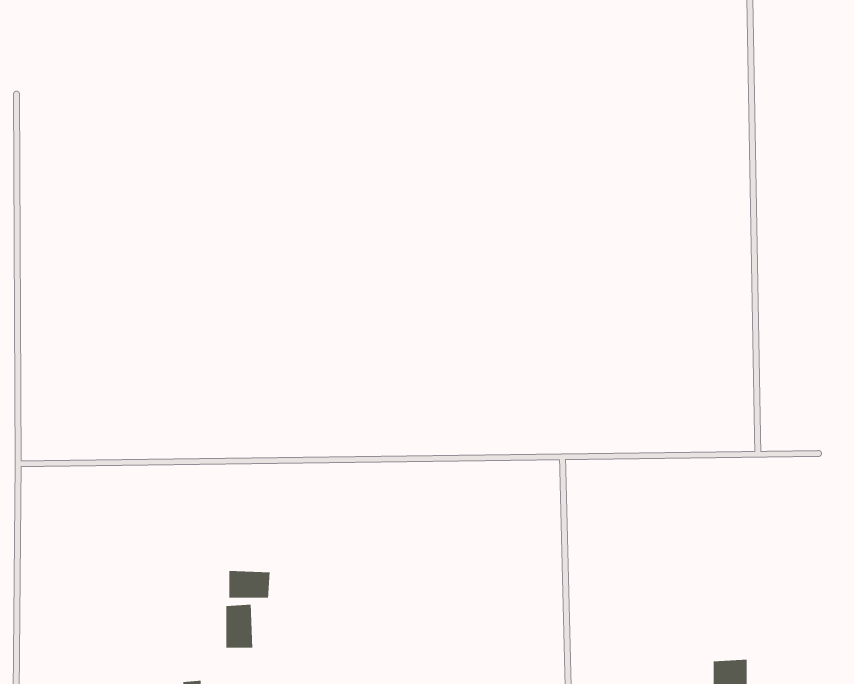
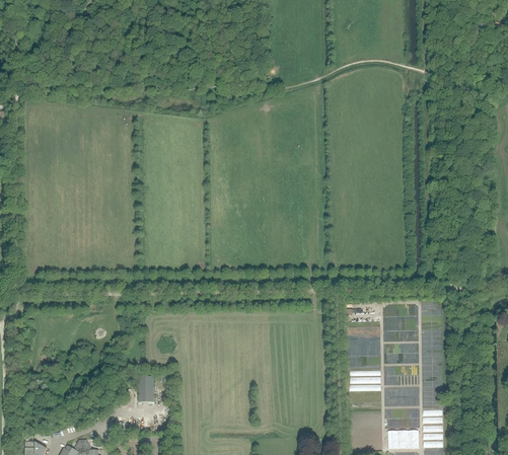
building: [229,570,270,598] -> none

